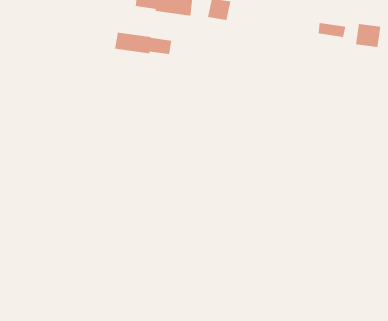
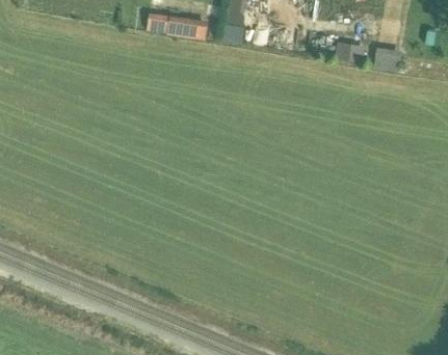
building: [114,32,172,55] -> none

